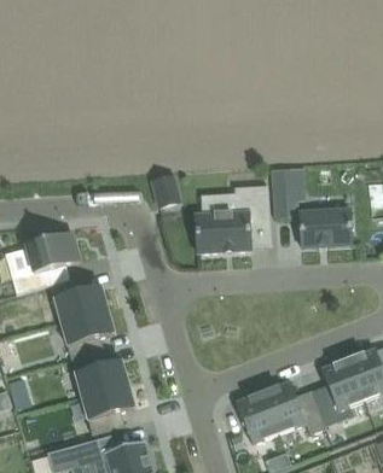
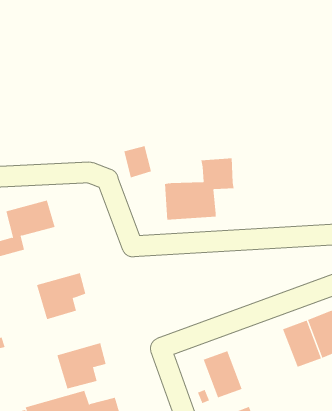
building: [272,169,294,216] -> none
building: [300,209,353,246] -> none
building: [50,276,106,322] -> none
building: [70,350,128,397] -> none
building: [263,381,326,434] -> none

